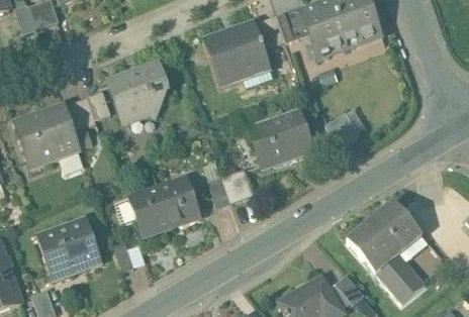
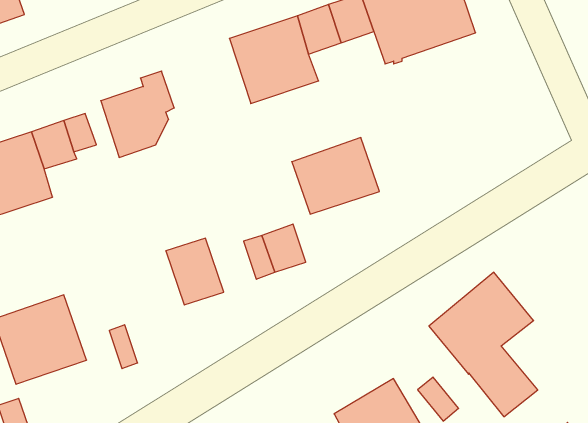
building: [330,110,364,145] -> none
building: [128,187,171,235] -> none

